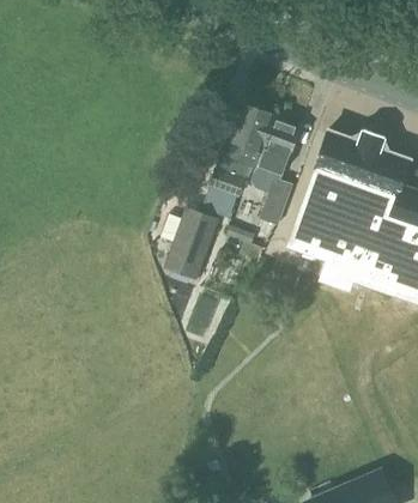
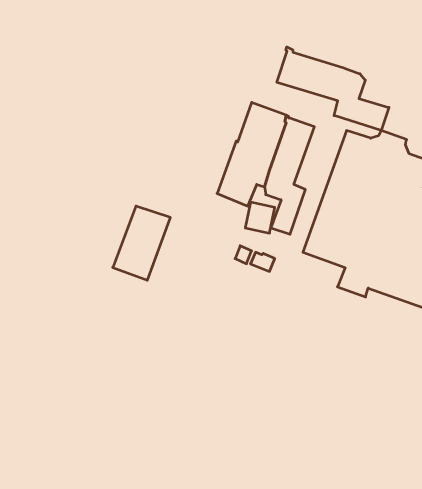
building: none -> [277,47,389,131]
building: [165,210,219,279] -> [113,206,170,280]

